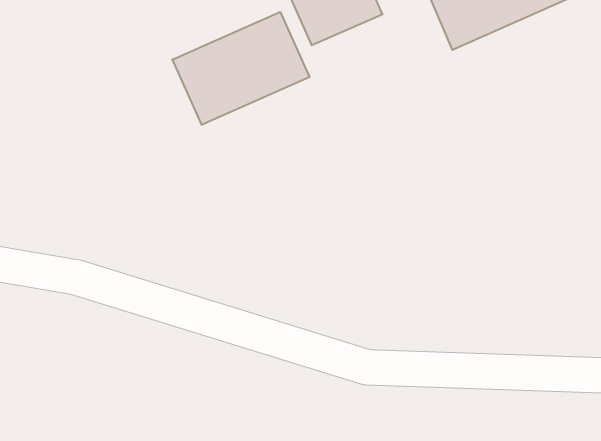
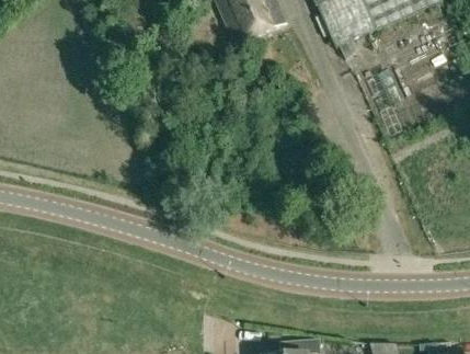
building: [172,12,309,125] -> none

